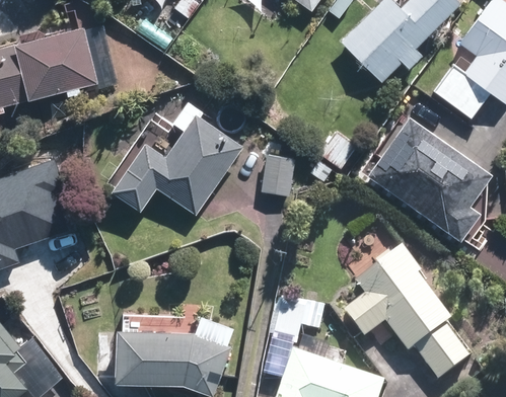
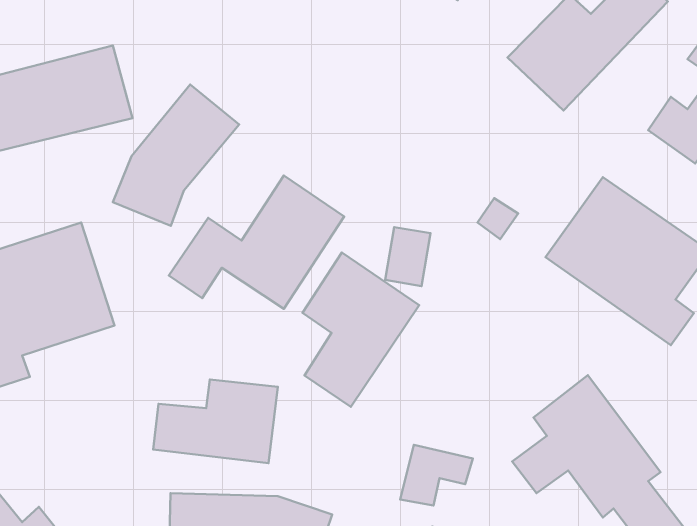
building: none -> [113,84,239,226]
building: none -> [303,253,419,407]
building: none -> [153,380,278,463]

